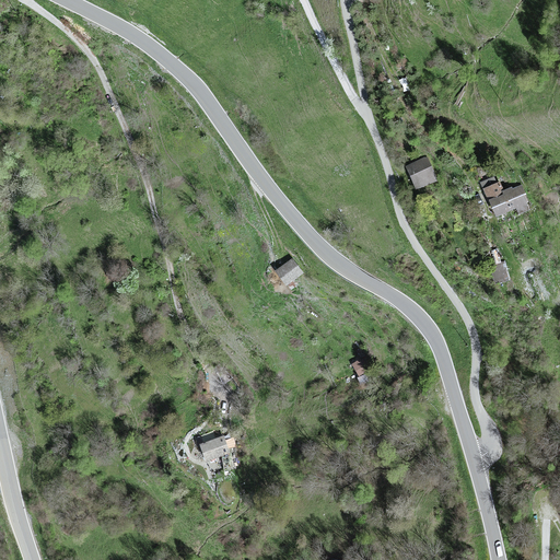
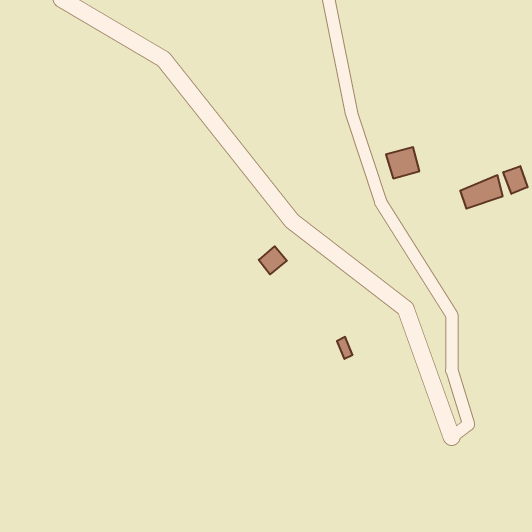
building: none -> [503,166,528,194]
building: [198,435,229,464] -> none

